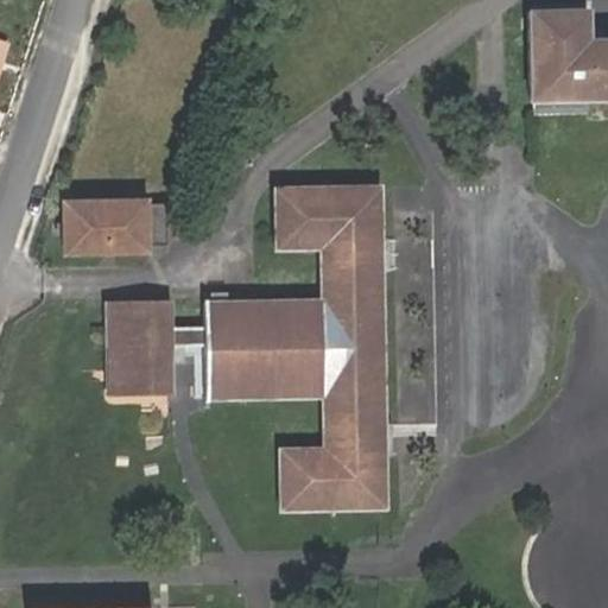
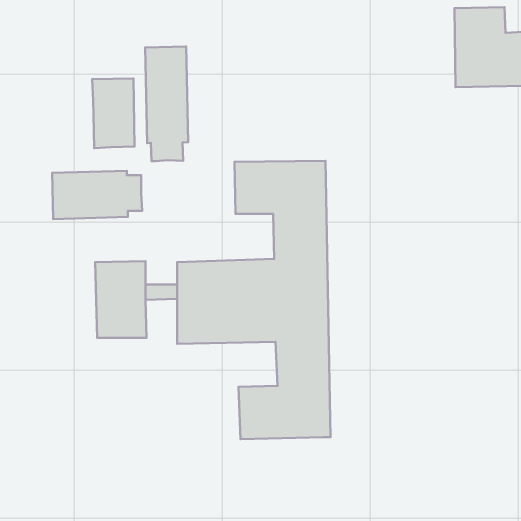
building: none -> [145,46,188,161]
building: none -> [92,79,135,148]

